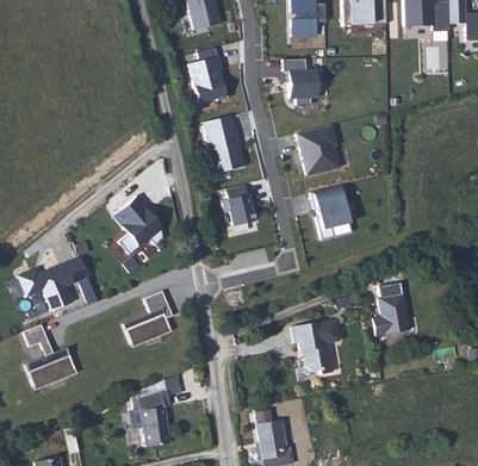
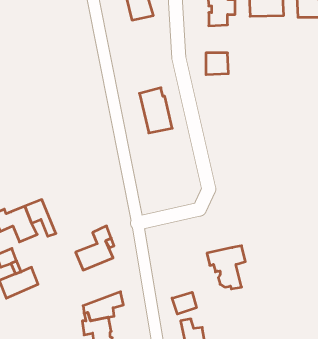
building: [190,57,228,104] -> none
building: [297,125,341,175] -> none
building: [223,185,257,225] -> none
building: [311,186,349,240] -> none
building: [114,195,163,255] -> none
building: [372,292,411,336] -> none
building: none -> [172,292,196,314]

